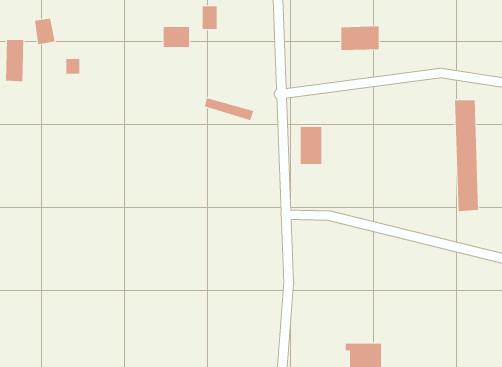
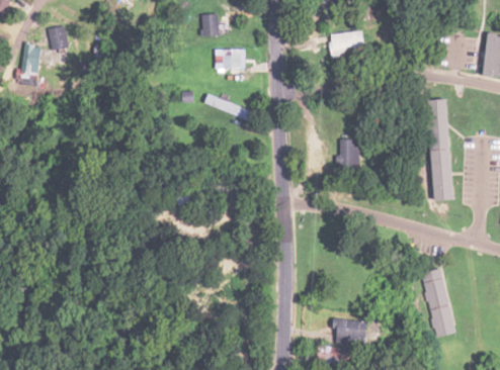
building: [163,26,190,48] -> [216,50,240,69]
building: [300,127,322,165] -> [339,138,359,173]
building: none -> [421,277,453,337]

